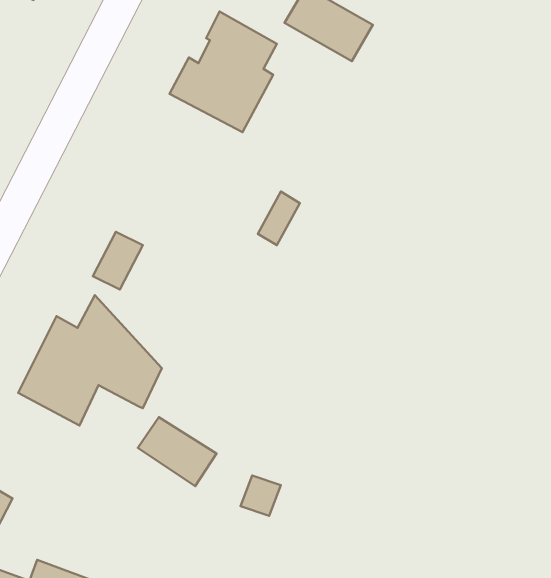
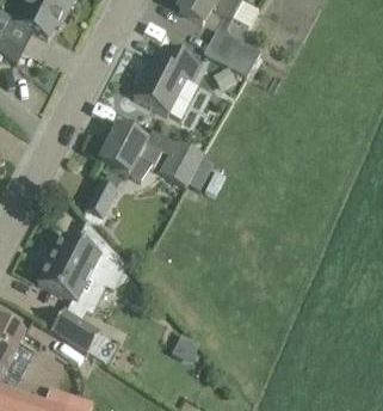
building: none -> [99,125,161,179]
building: none -> [161,143,200,185]
building: [138,417,216,486] -> [50,308,99,351]

